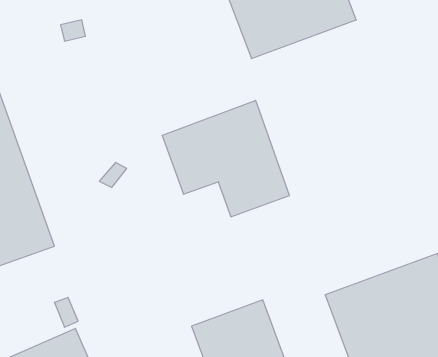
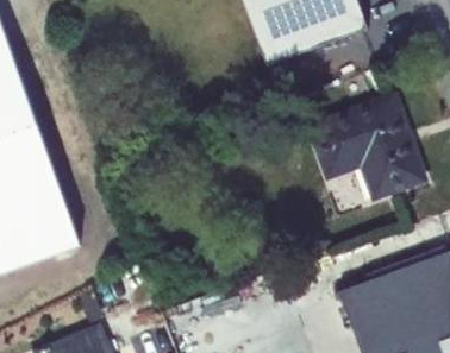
building: [162,100,289,217] -> [306,92,427,202]

